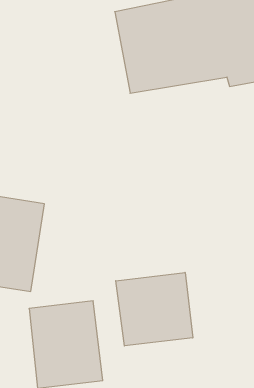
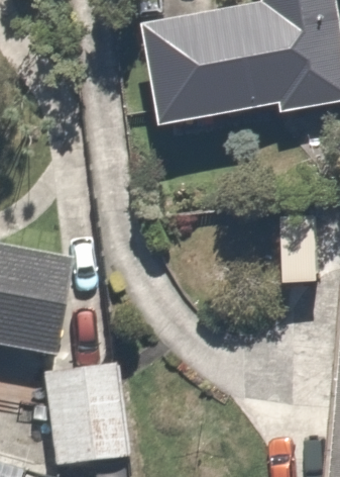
building: [116,272,193,346] -> none

